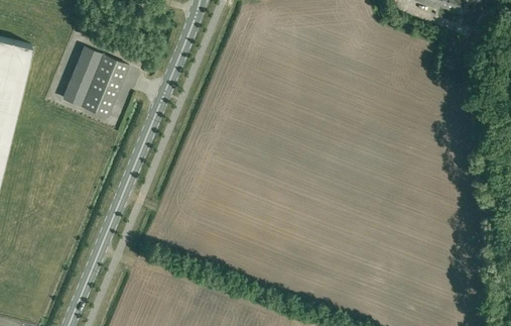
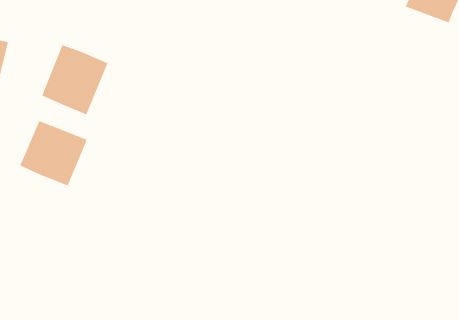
building: none -> [19,120,88,187]

